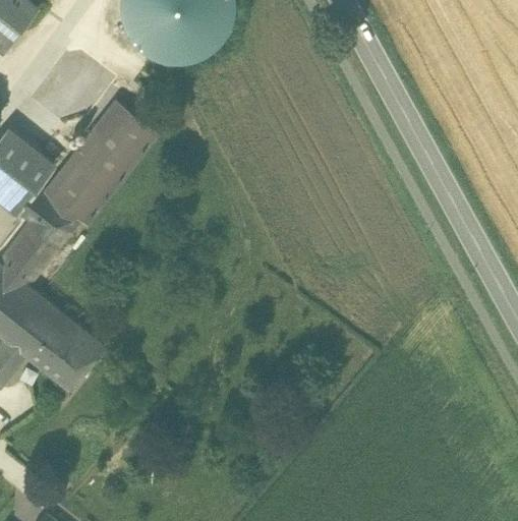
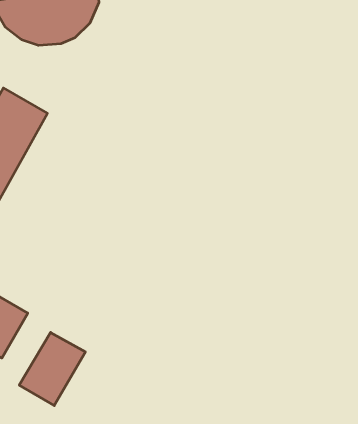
building: none -> [19,332,85,406]

